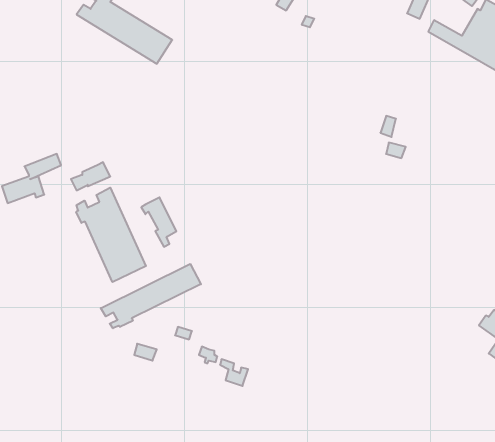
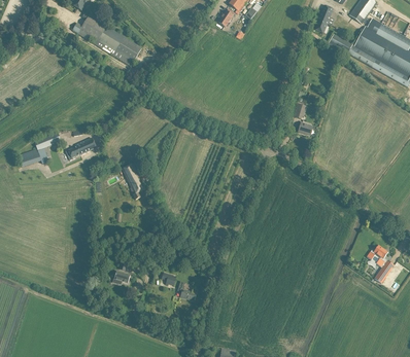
building: [76,188,146,282] -> none
building: [101,264,201,328] -> none

